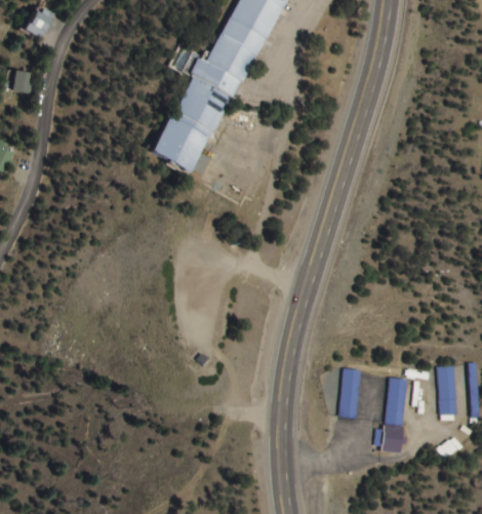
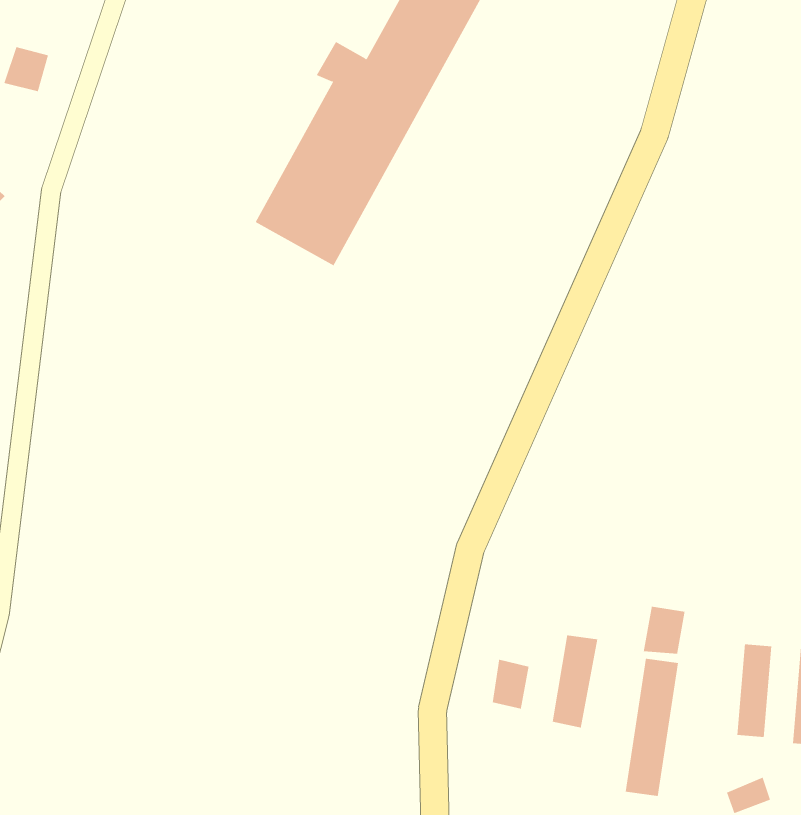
building: none -> [643,606,685,655]
building: none -> [492,659,529,710]

